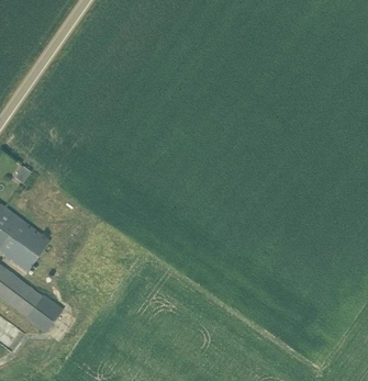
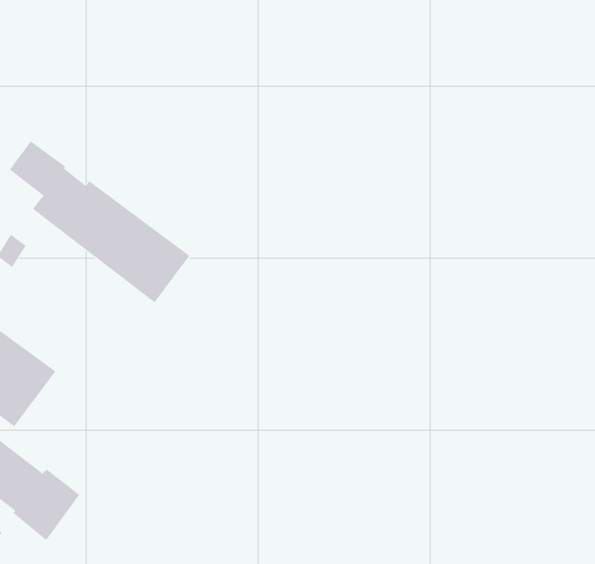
building: none -> [9,140,190,303]

